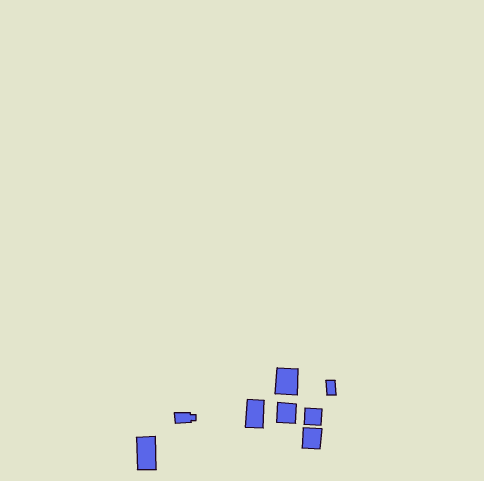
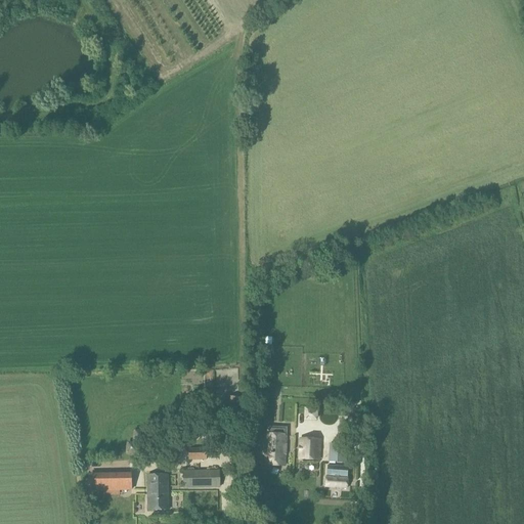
building: [275,368,298,395] -> none
building: none -> [183,468,220,485]
building: none -> [89,473,131,488]

